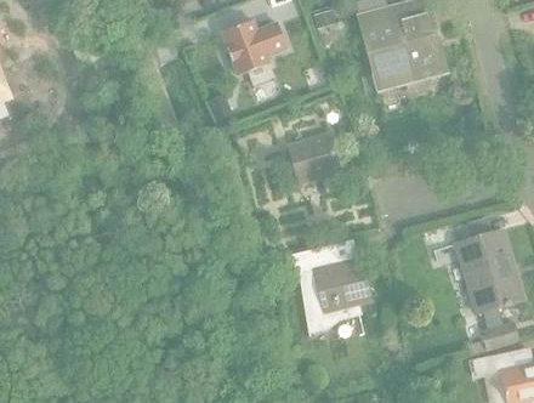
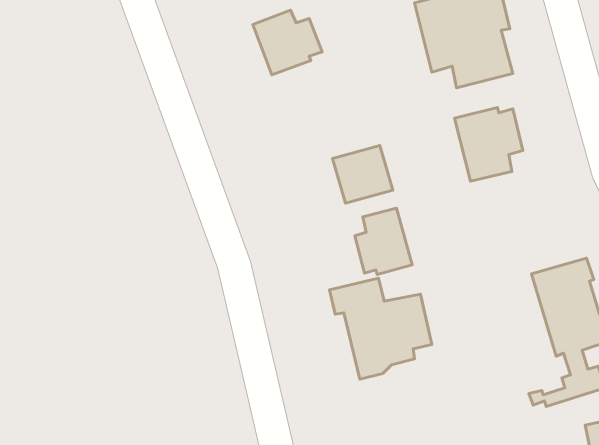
building: none -> [455,108,523,181]
building: none -> [355,208,412,274]

